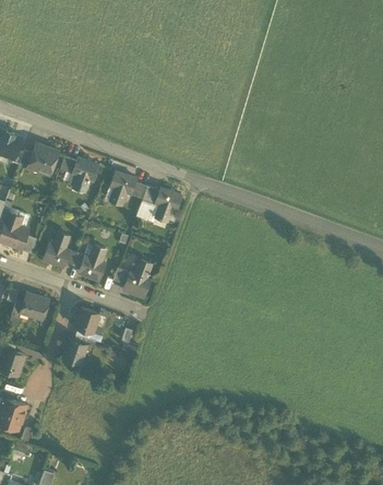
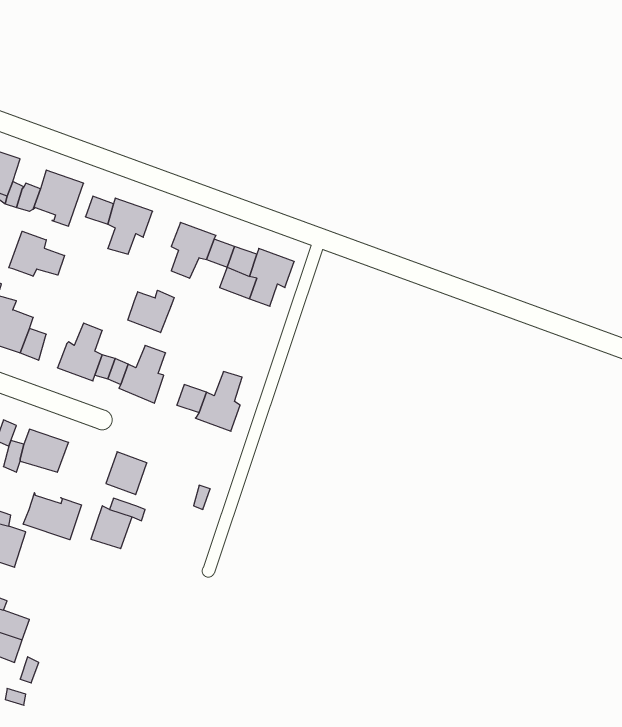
building: none -> [9,231,65,276]
building: none -> [128,290,174,333]
building: none -> [23,493,82,540]

